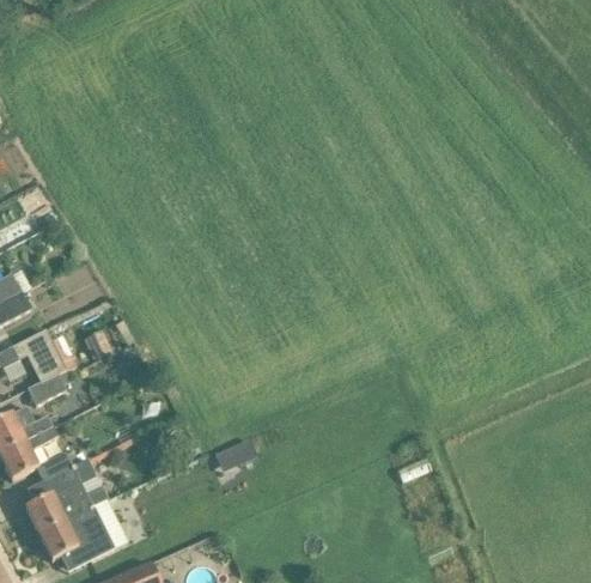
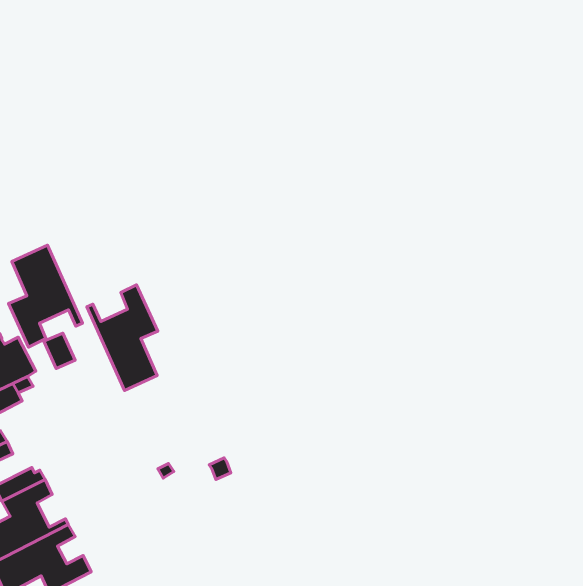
building: none -> [9,245,82,347]
building: none -> [87,285,158,390]

